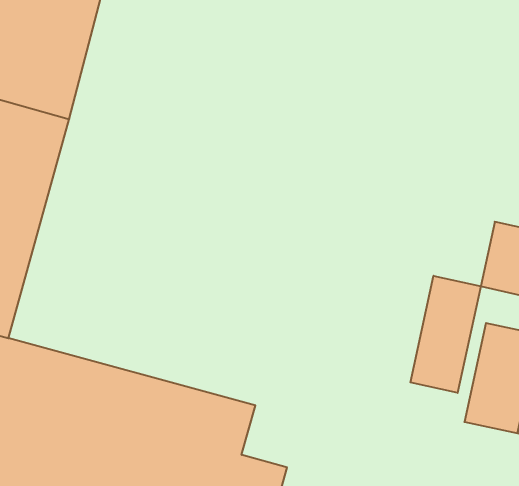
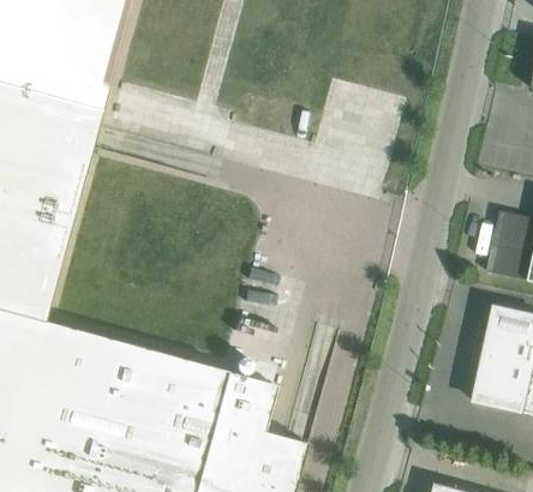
building: [410,276,481,393] -> none

